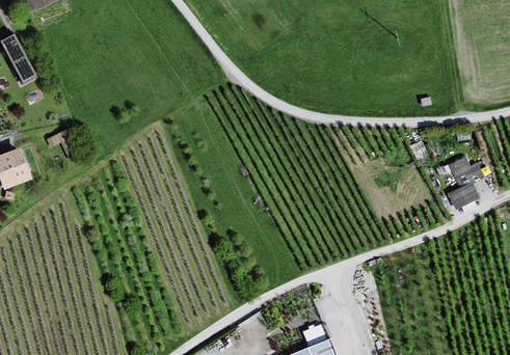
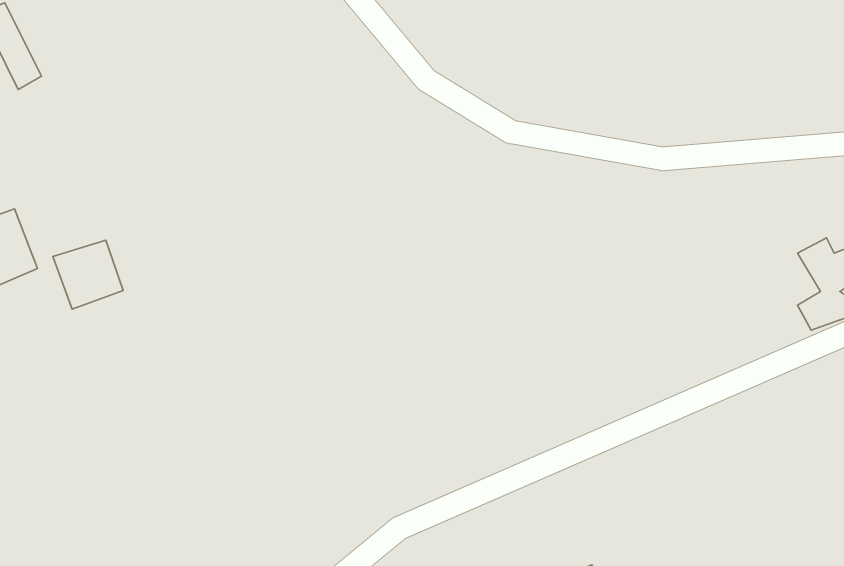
building: none -> [53,240,123,309]

